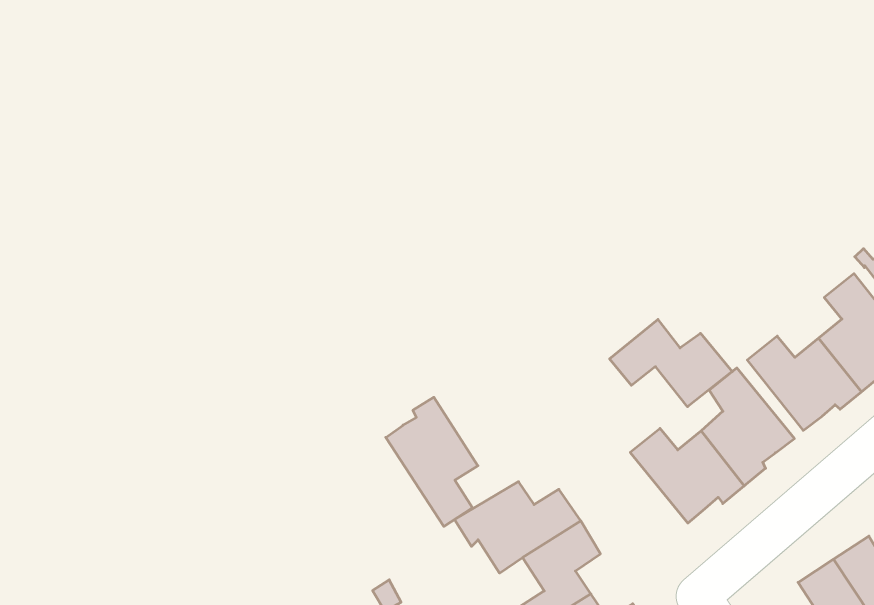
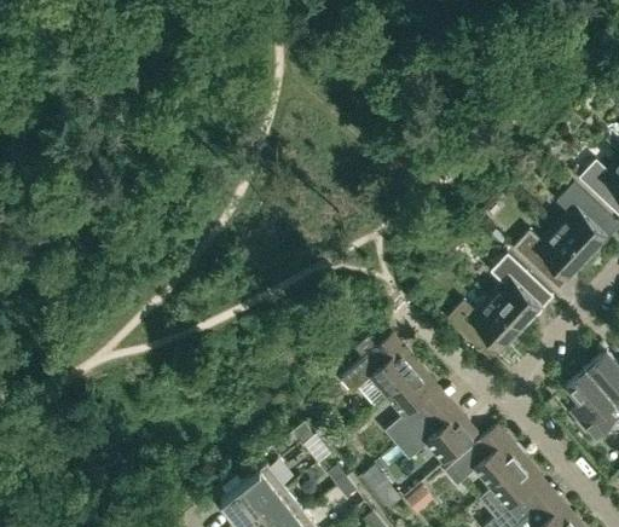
building: [610,319,732,407] -> none
building: [386,397,478,526] -> none

